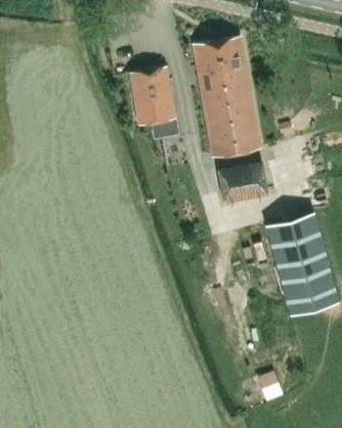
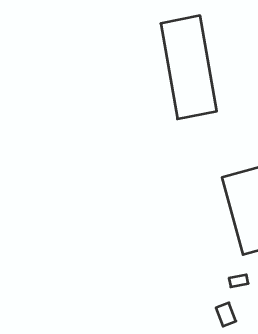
building: [131,67,176,126] -> none
building: [217,162,269,204] -> none

